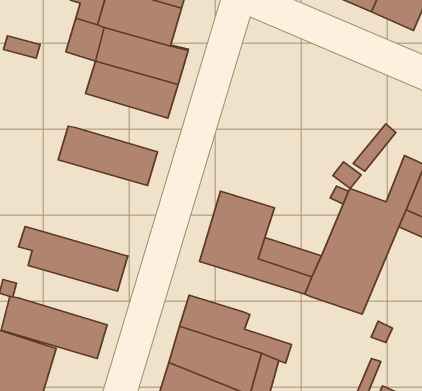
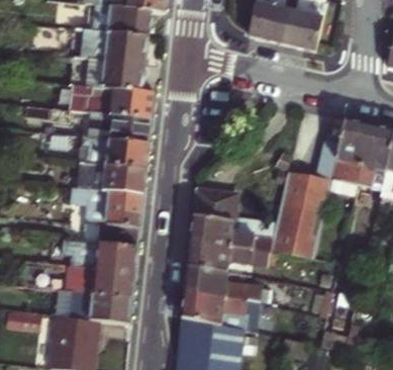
building: none -> [82,136,151,169]
building: none -> [71,186,144,247]
building: none -> [188,242,270,272]
building: none -> [67,266,136,298]

